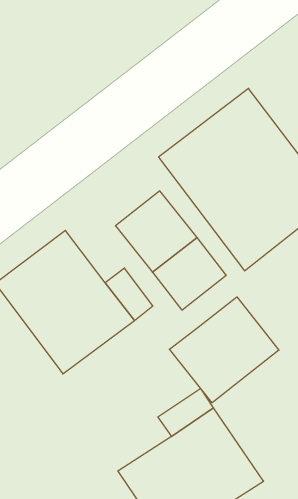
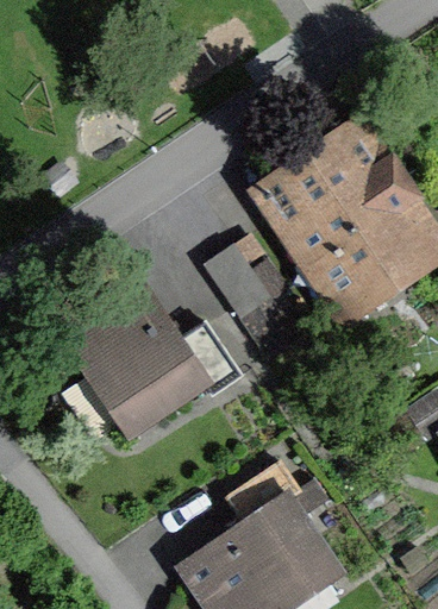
building: [169,297,279,403] -> none

